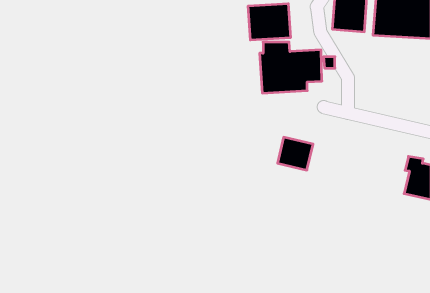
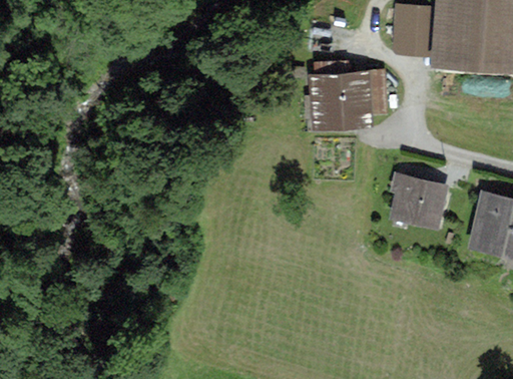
building: [248,4,290,40] -> none
building: [278,137,313,170] -> [398,181,439,220]

